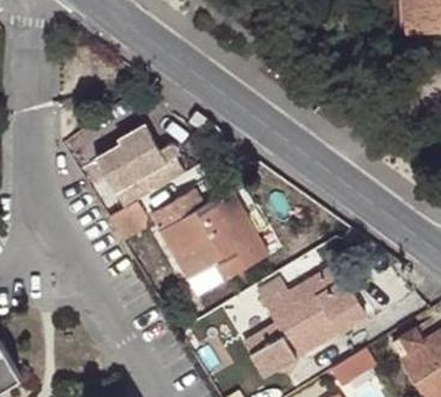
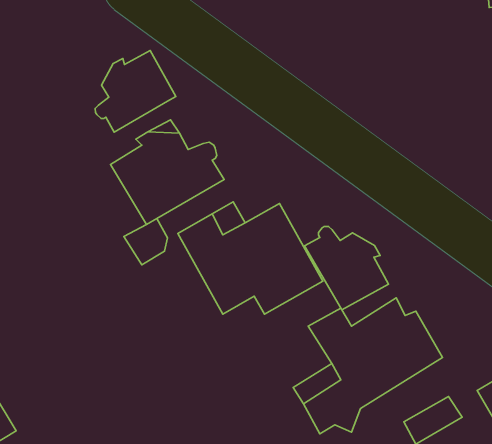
building: none -> [95,51,176,132]
building: none -> [305,226,388,310]

